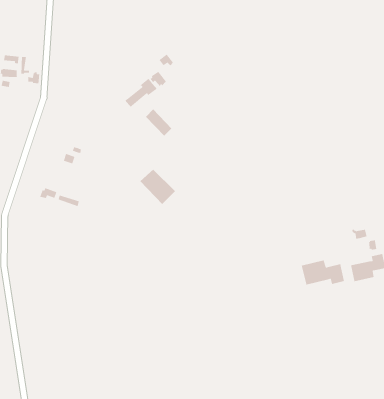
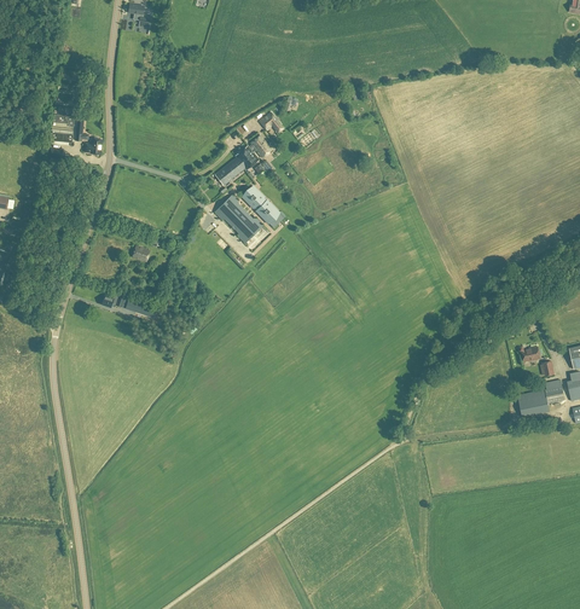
building: [140,169,176,205] -> [215,195,263,243]
building: [301,259,345,286] -> none

